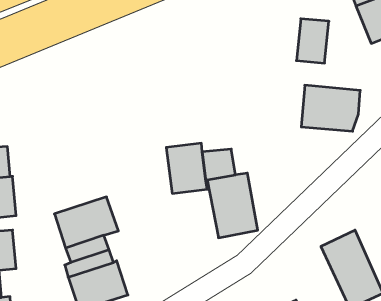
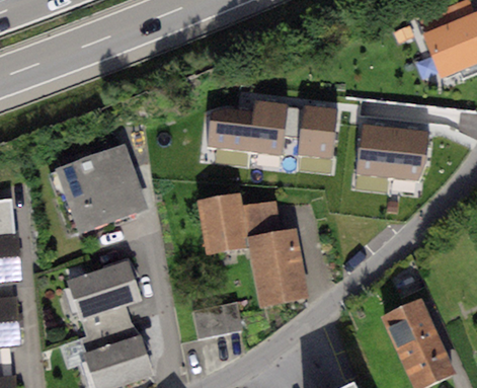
building: [296,19,329,63] -> [299,105,337,158]
building: none -> [208,100,289,154]
building: none -> [56,144,148,232]
building: none -> [192,302,242,338]

